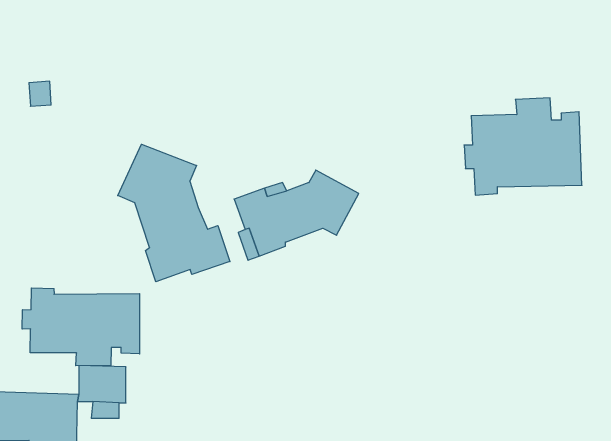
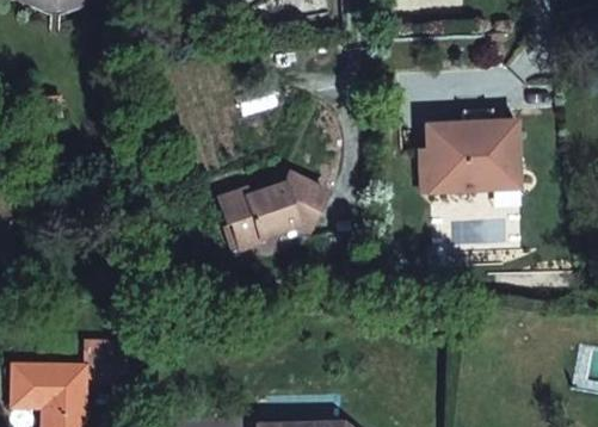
building: [118,144,230,282] -> none
building: [22,288,140,366] -> none

